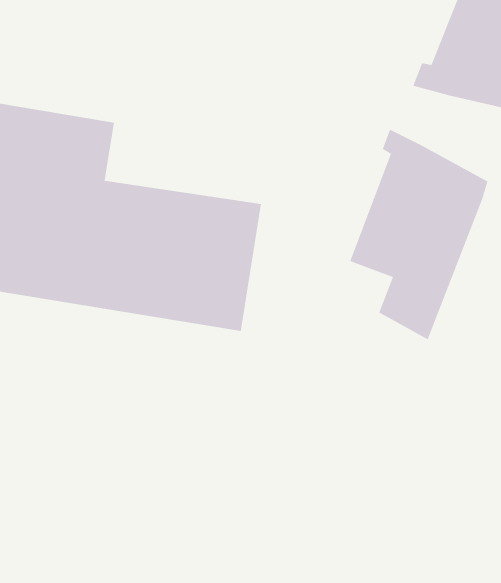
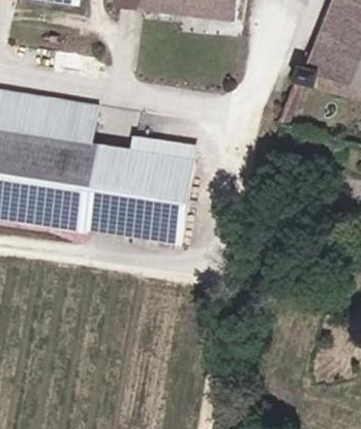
building: [349,129,489,341] -> none

